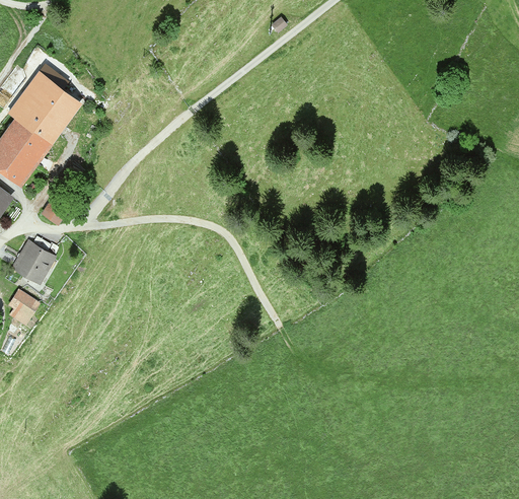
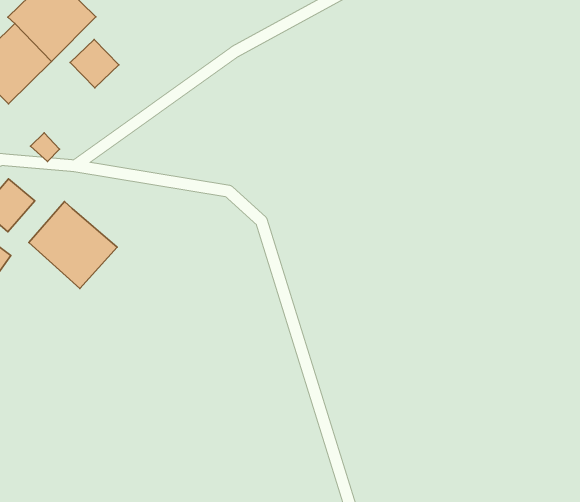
building: none -> [70,39,119,88]
building: none -> [29,201,117,288]

